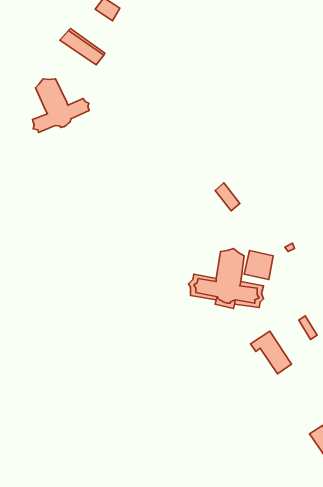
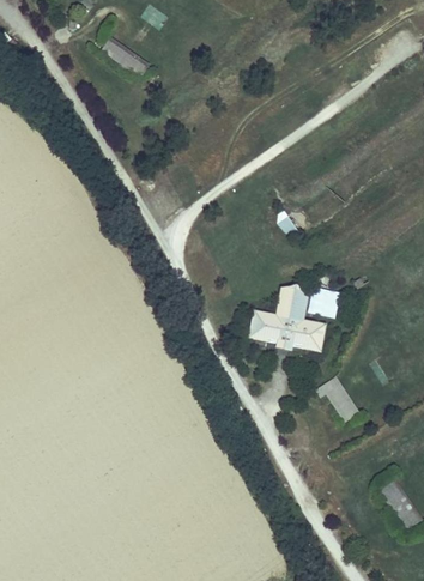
building: [33,79,89,133] -> none

